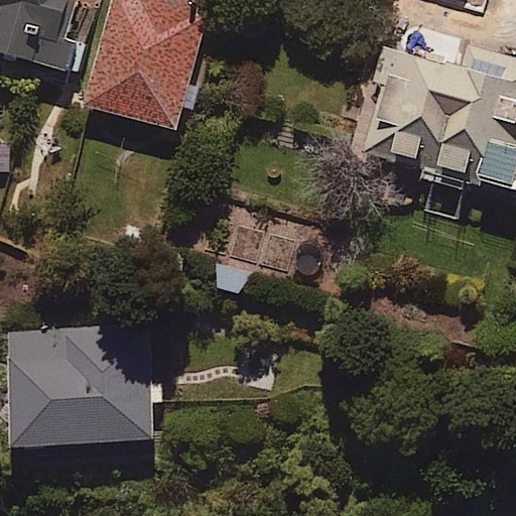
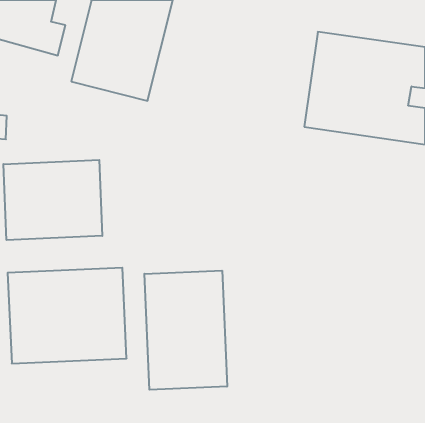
building: none -> [3,160,102,240]
building: none -> [144,271,227,390]

